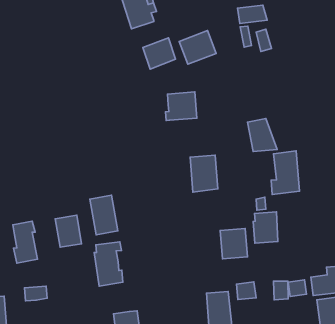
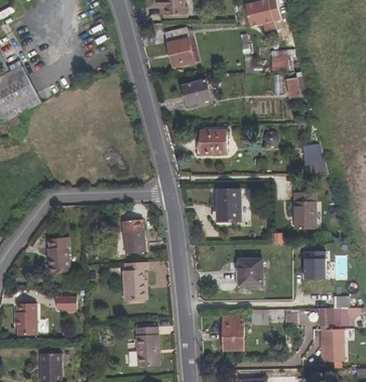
building: [179,31,216,64] -> none
building: [248,119,277,152] -> [302,144,328,173]
building: [253,212,278,243] -> [303,252,326,279]
building: [55,215,82,247] -> none

